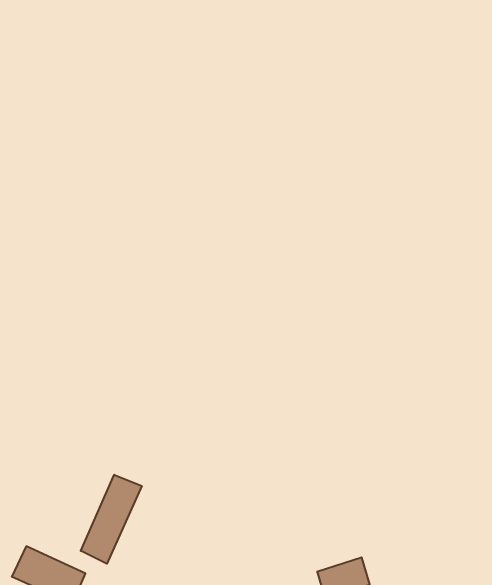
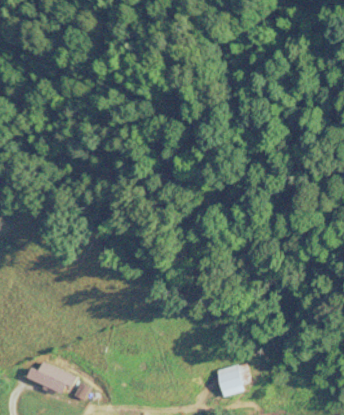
building: [81,475,142,564] -> none

